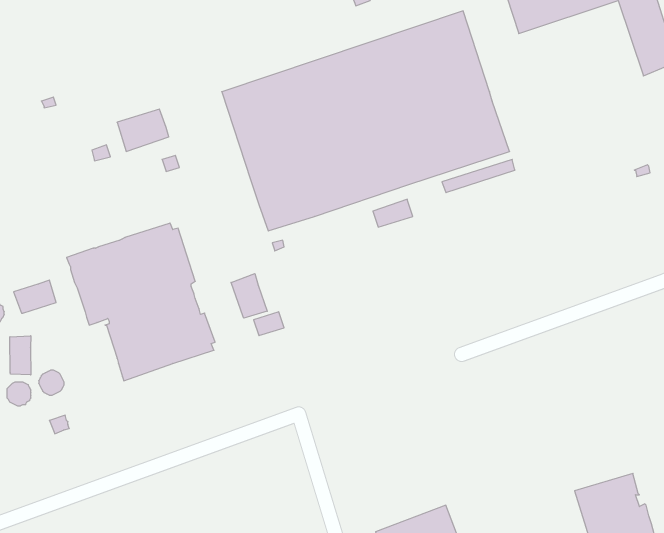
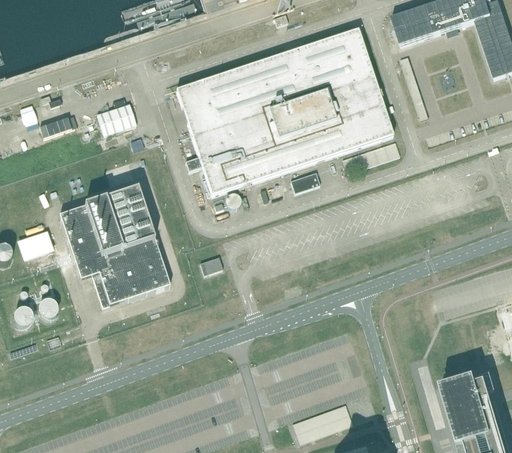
building: [231,274,267,318] -> none
building: [10,336,31,375] -> none

